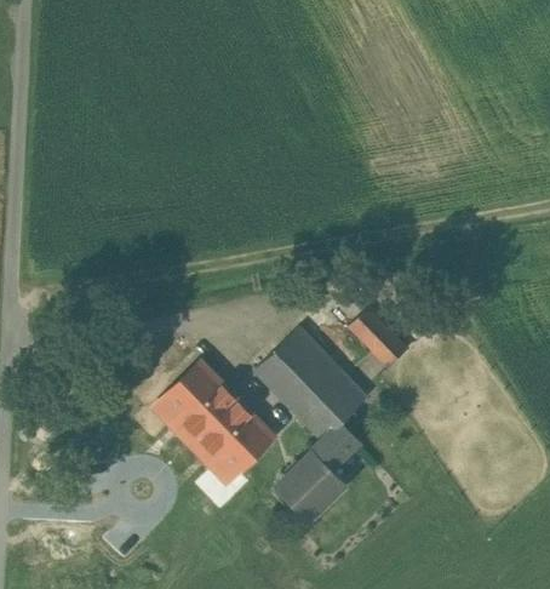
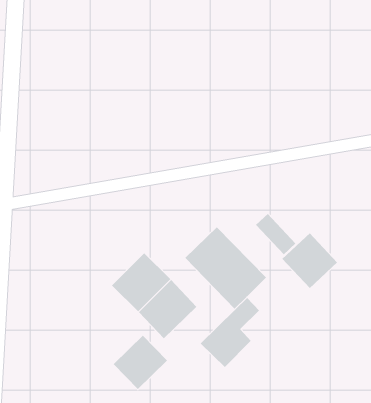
building: none -> [282,232,338,289]
building: none -> [113,335,168,390]

